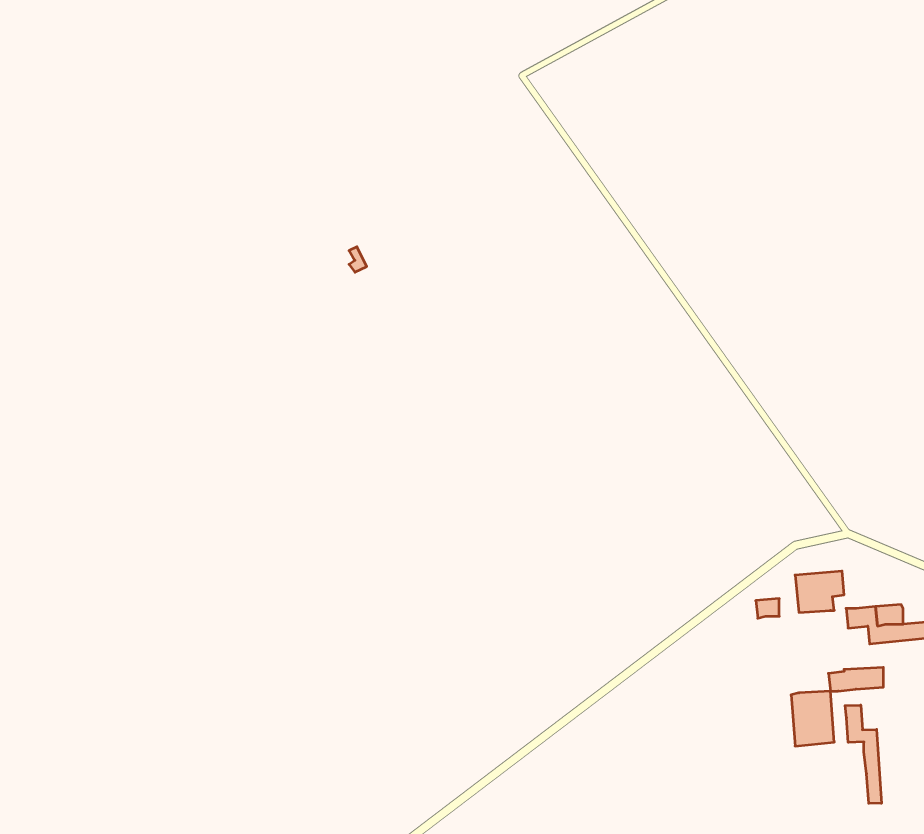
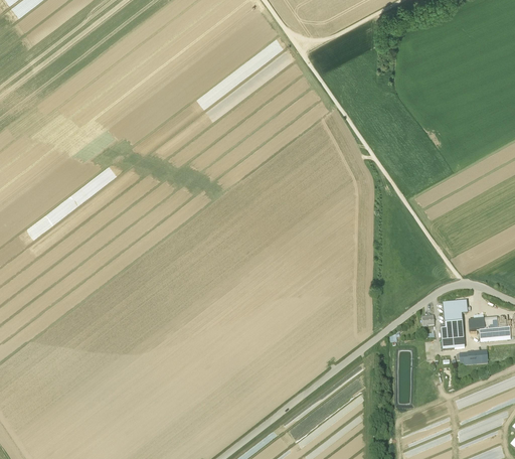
building: [791,691,834,746] -> [441,321,463,349]
building: [845,705,881,803] -> none

